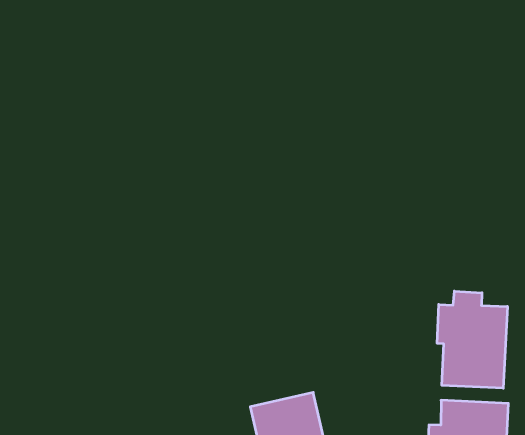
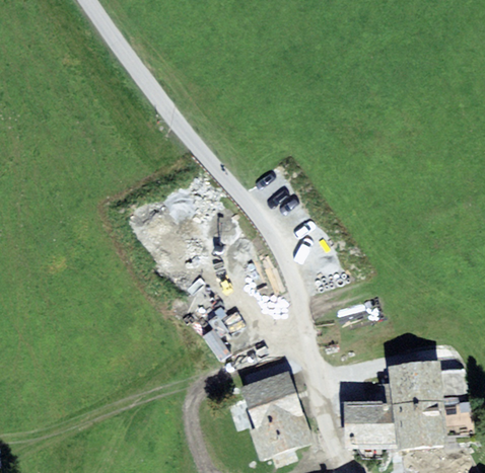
building: [437,291,507,388] -> none

